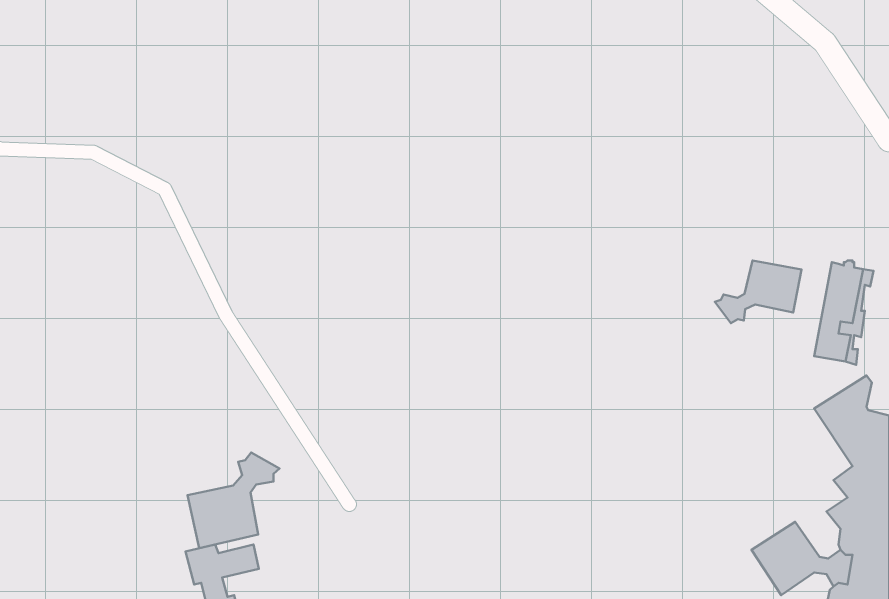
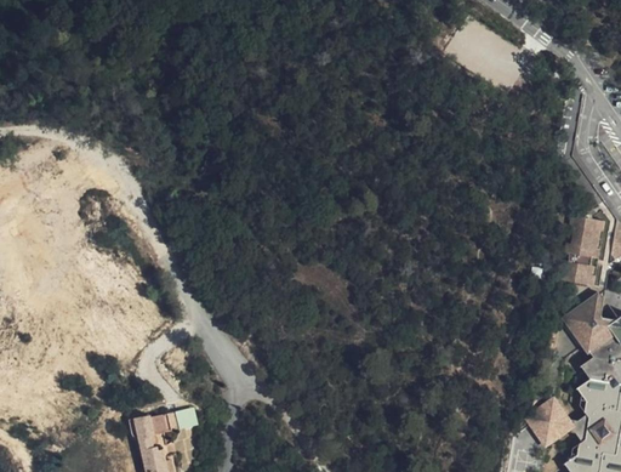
building: [715,260,802,323] -> none
building: [187,452,279,548] -> none

